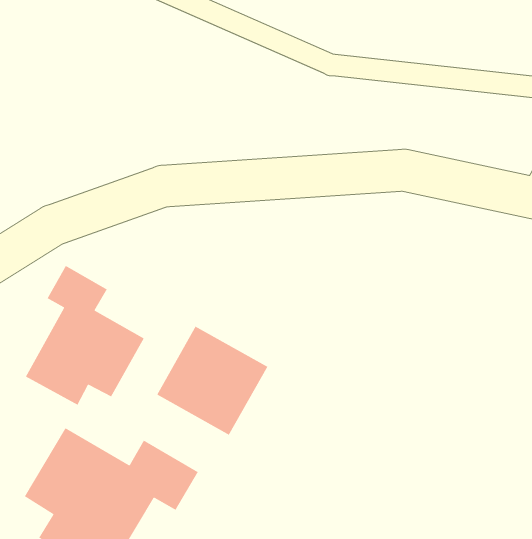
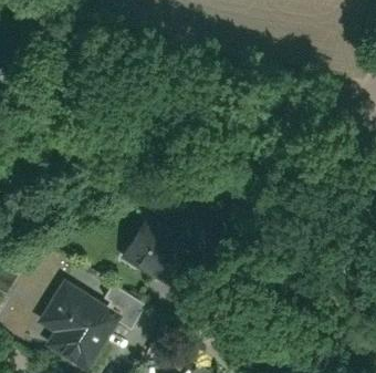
building: [25,265,145,406] -> none

